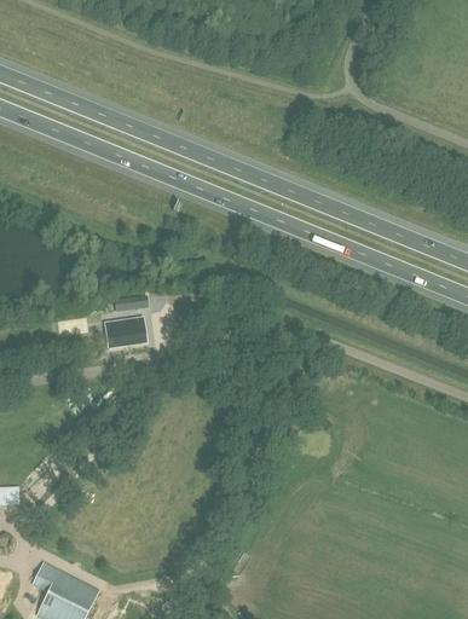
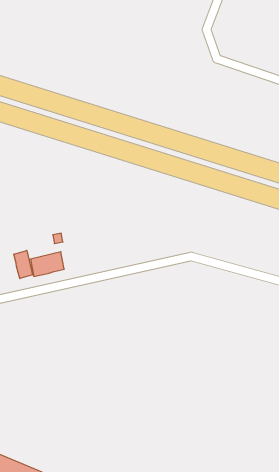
building: none -> [14,250,33,279]

